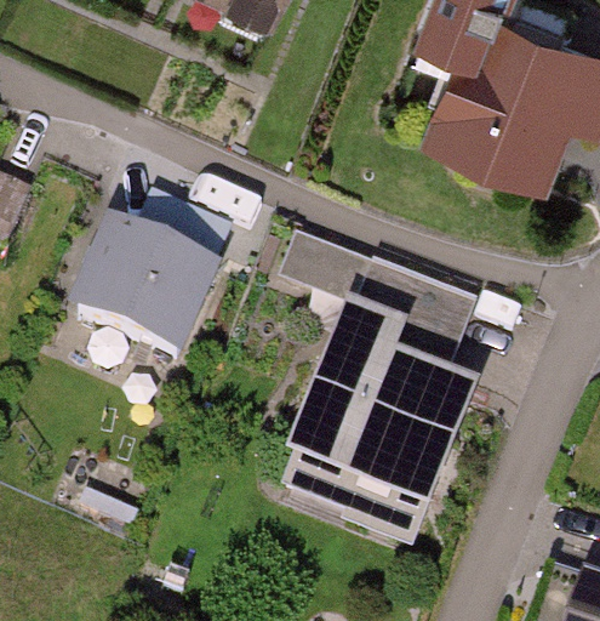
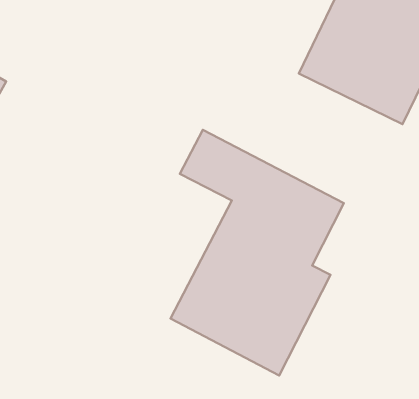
building: [64,192,236,365] -> none

